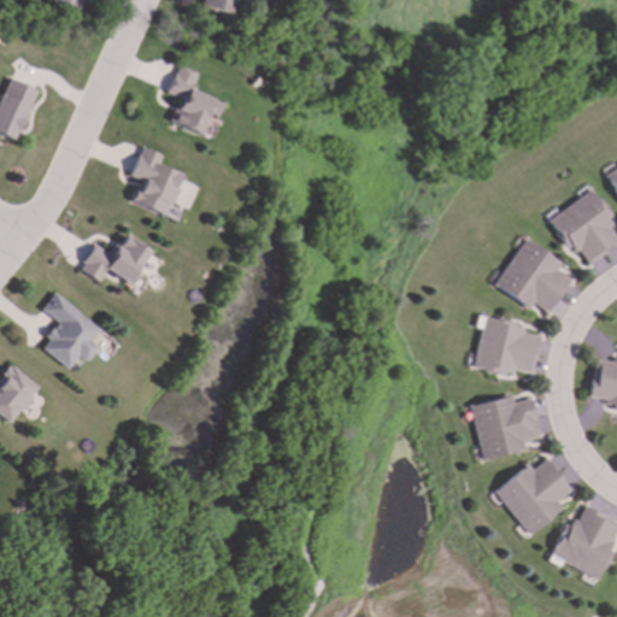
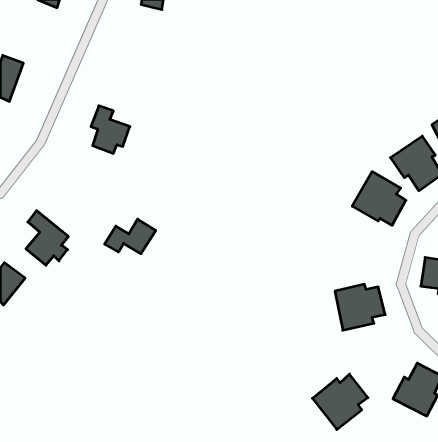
building: [169,65,225,135] -> none
building: [81,235,152,283] -> [105,219,156,254]
building: [476,316,542,375] -> none
building: [496,458,574,535] -> [312,374,368,430]

